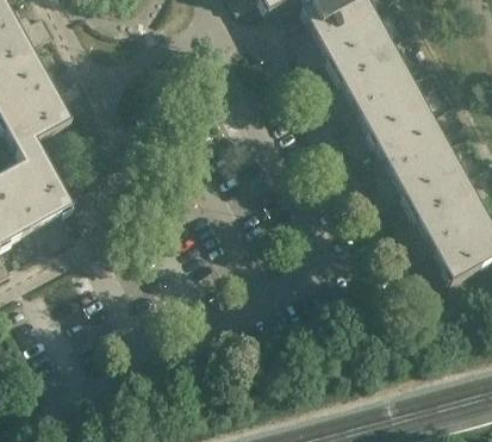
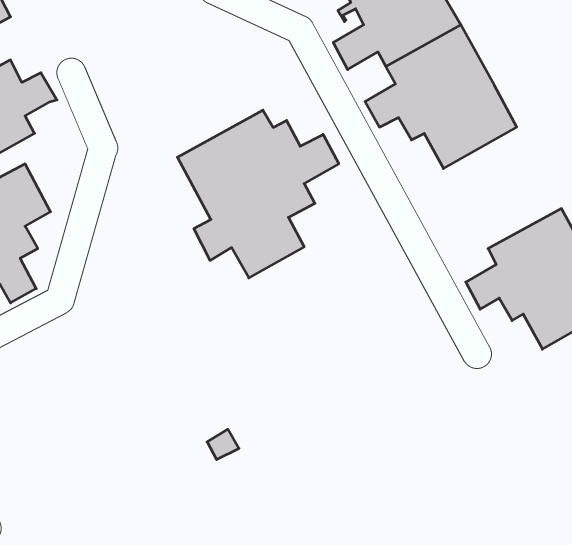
building: none -> [177,110,339,278]
building: [368,111,463,203] -> none

